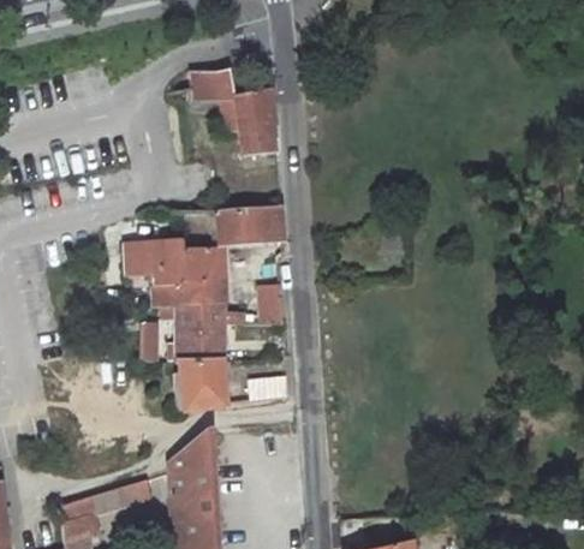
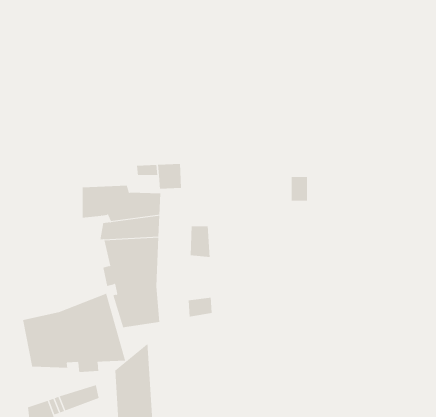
building: [196,78,280,155] -> none
building: [248,210,287,241] -> none
building: none -> [23,293,126,373]

